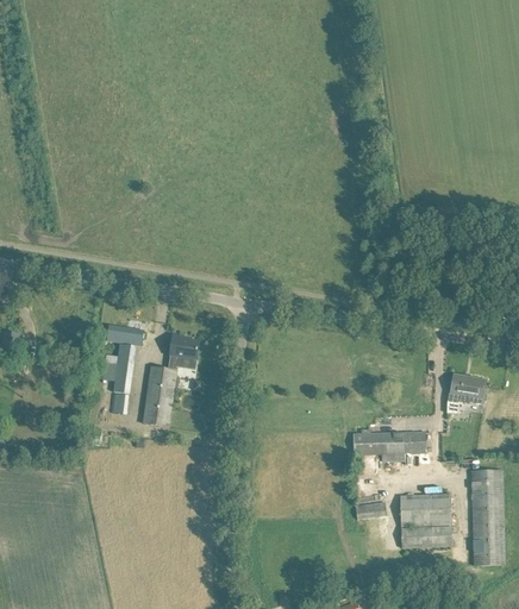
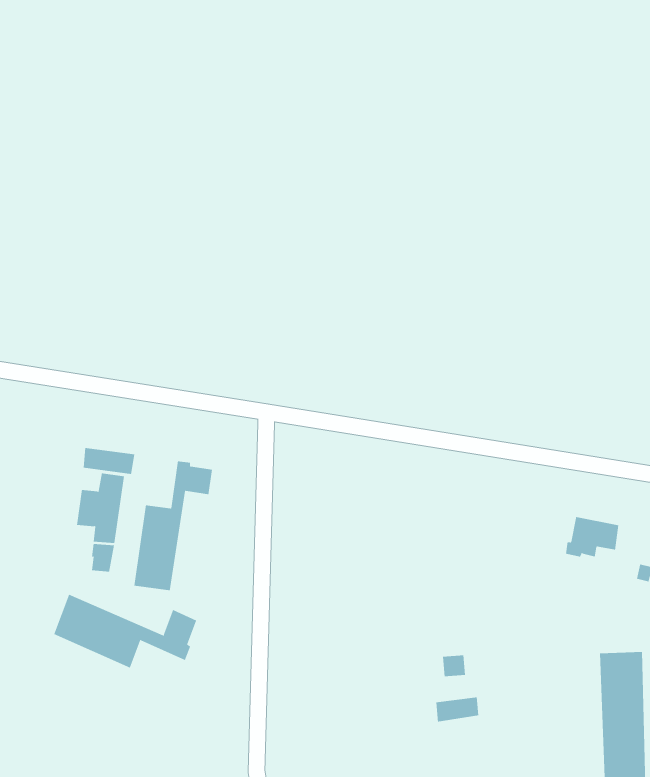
building: [352,427,437,464] -> none
building: none -> [53,594,197,668]
building: [399,494,451,546] -> none

